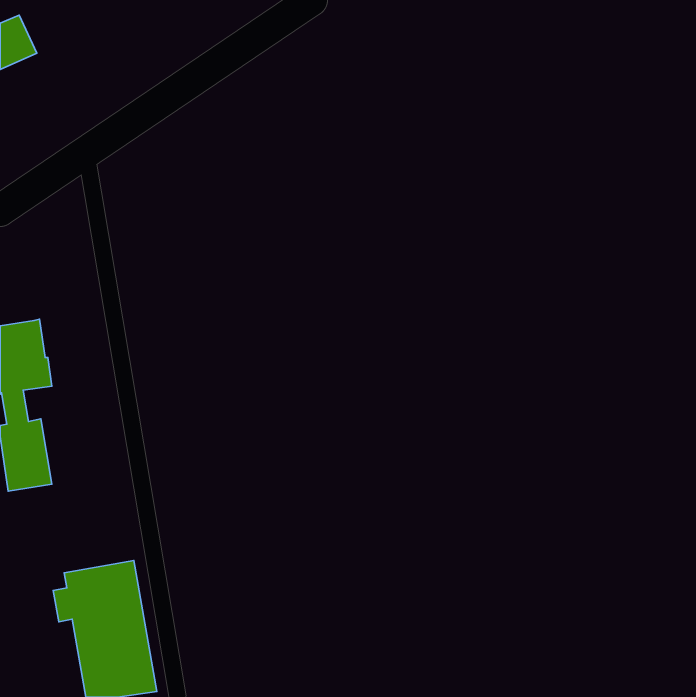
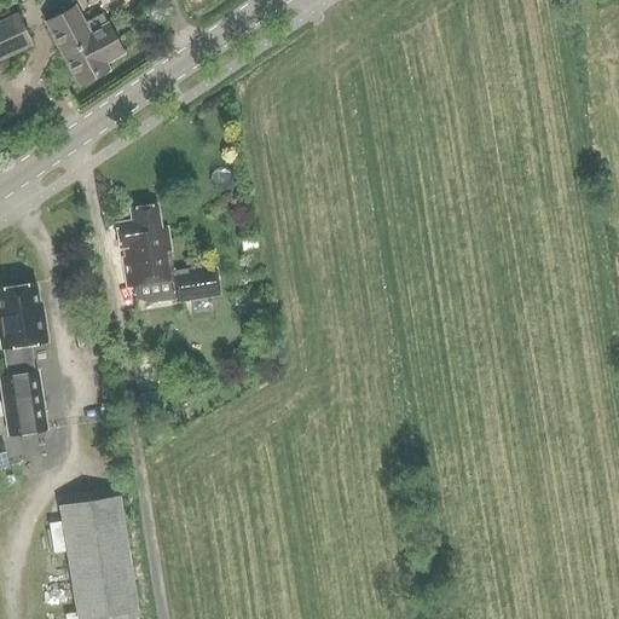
building: none -> [46,6,122,85]
building: none -> [117,207,219,303]

